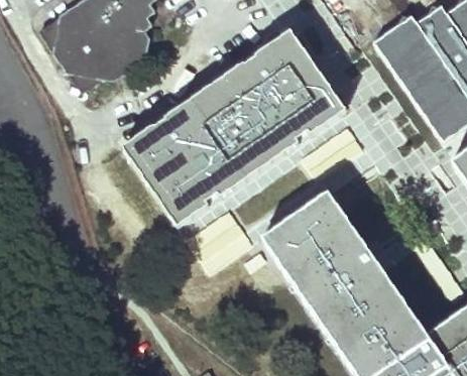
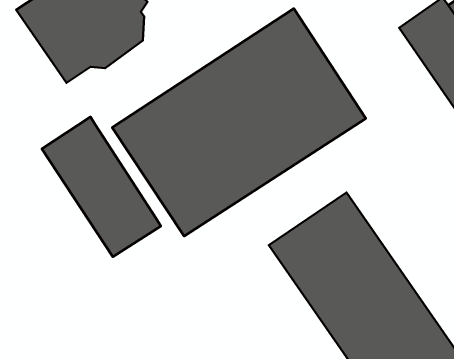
building: none -> [42,117,161,257]

